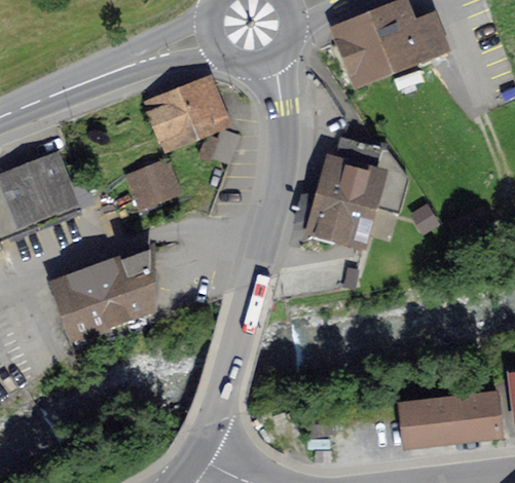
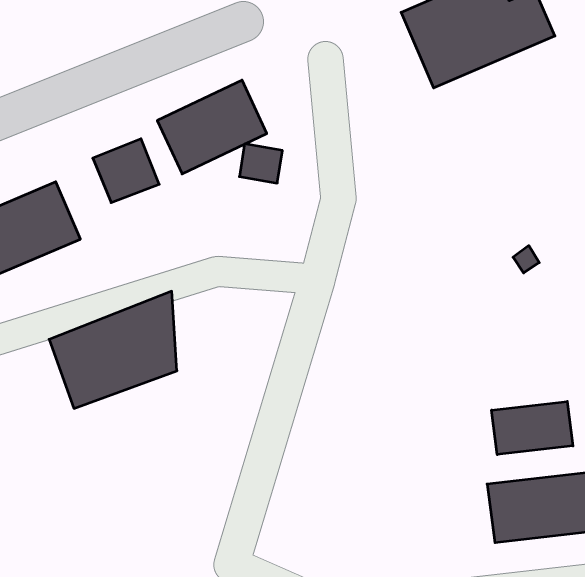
building: [314,139,407,246] -> none
building: [127,164,180,215] -> [93,139,159,203]
building: none -> [492,401,573,455]

